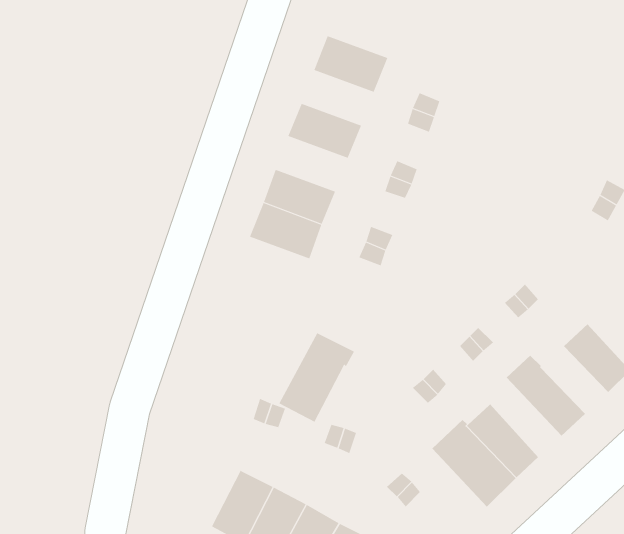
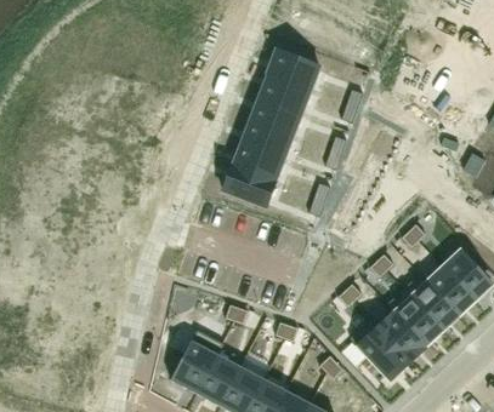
building: none -> [260,74,311,113]
building: none -> [242,120,293,159]
building: [279,332,355,423] -> [171,330,225,393]
building: none -> [427,267,475,314]
building: none -> [387,288,442,344]

